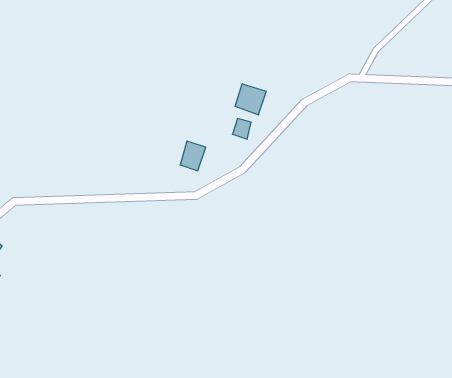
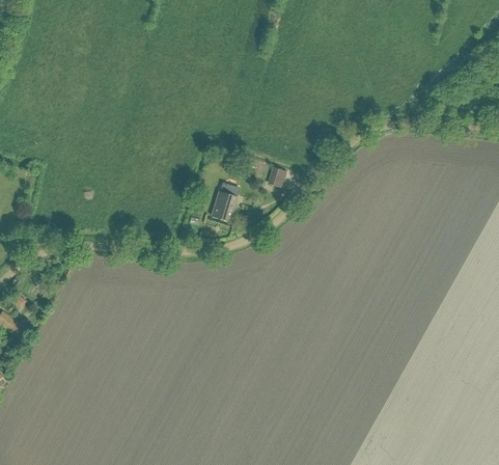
building: [235,84,266,115] -> none

